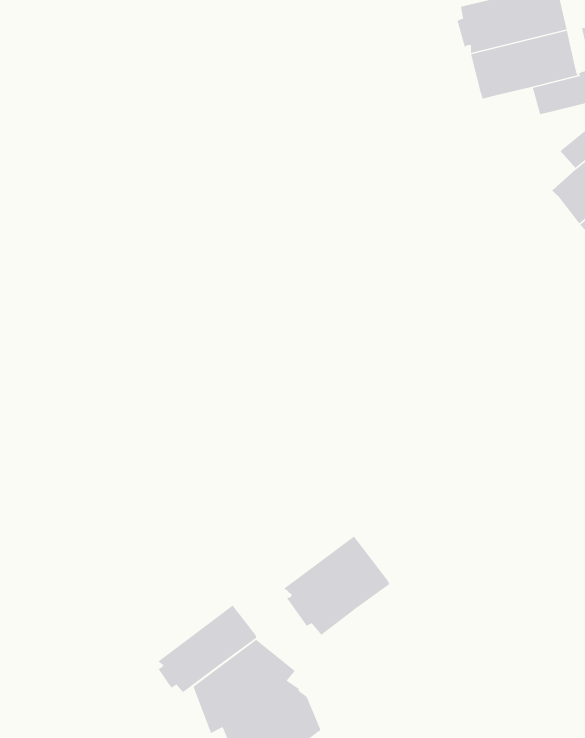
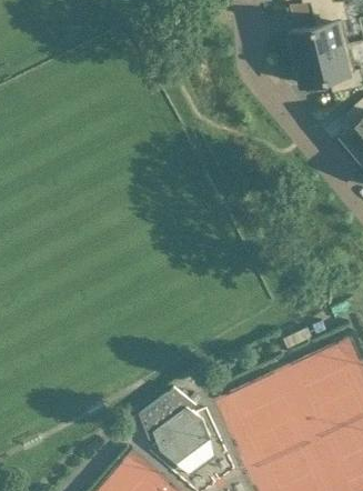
building: [284,535,390,636] -> none
building: [157,605,258,693] -> none

